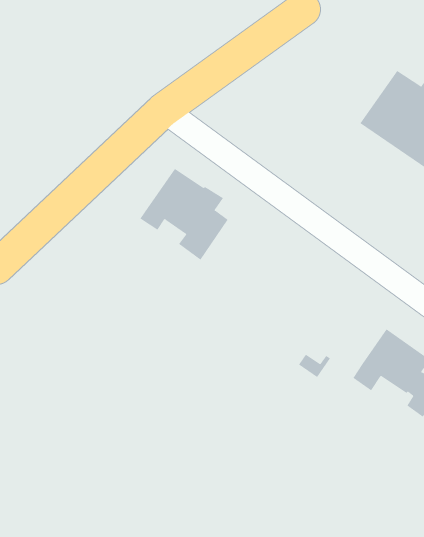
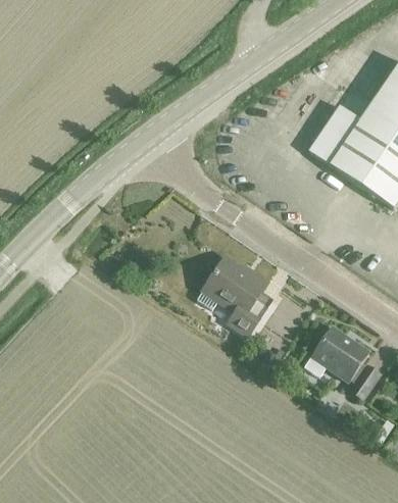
building: [140,168,229,261] -> [196,255,271,334]

